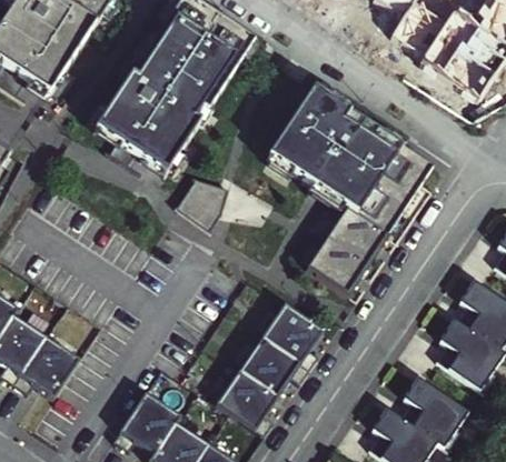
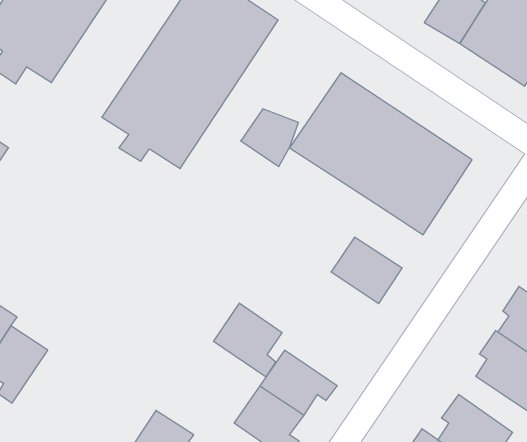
building: [169,184,221,237] -> [241,109,298,167]
building: [325,203,387,261] -> none
building: [261,301,324,368] -> [213,303,282,377]
building: [14,335,81,398] -> none

